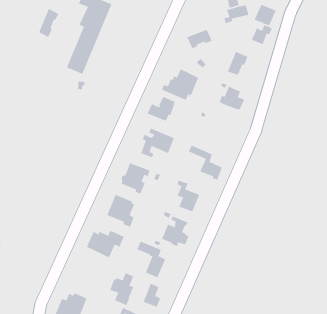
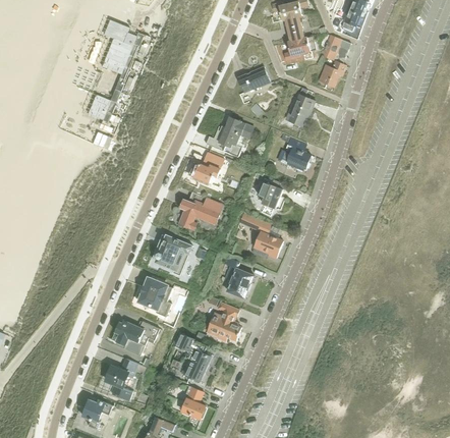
building: [38,8,59,38] -> none
building: none -> [256,178,282,211]
building: [109,272,134,306] -> [105,359,136,401]

